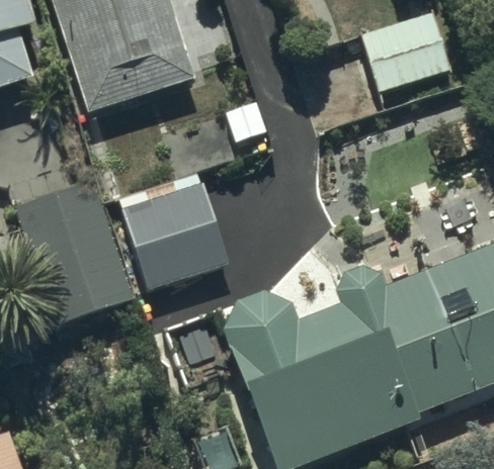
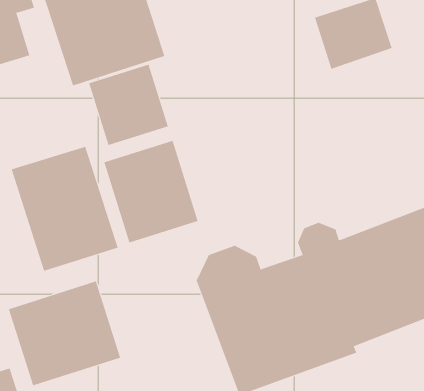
building: none -> [88,64,169,146]
building: none -> [8,281,121,386]

